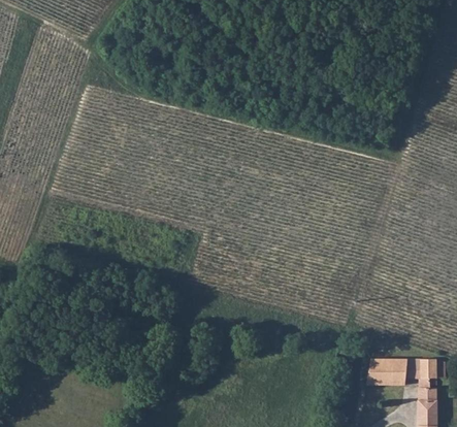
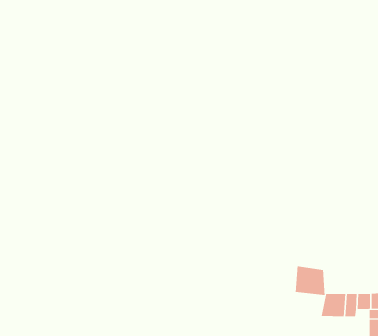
building: none -> [295,265,325,296]

